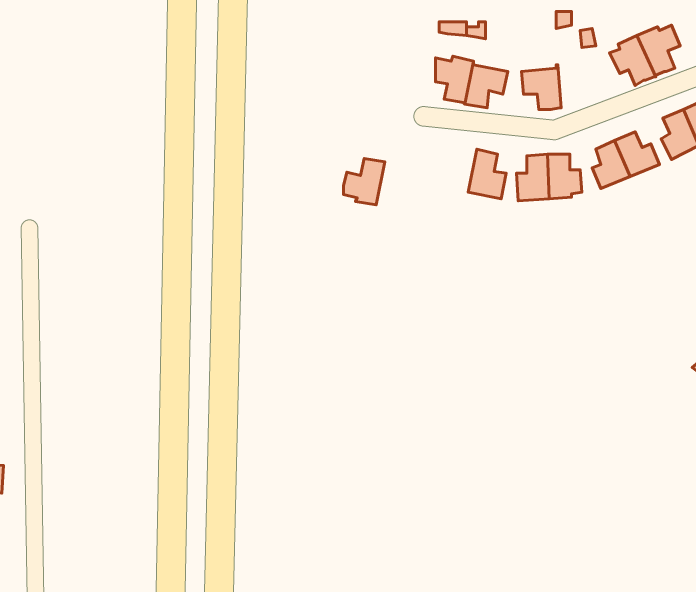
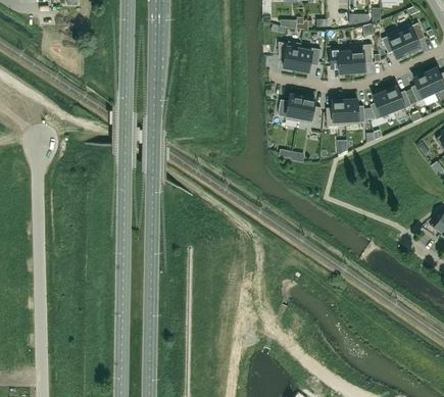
building: none -> [351,43,373,70]
building: [343,158,385,205] -> [279,93,303,120]

